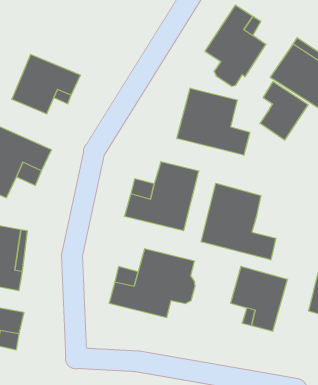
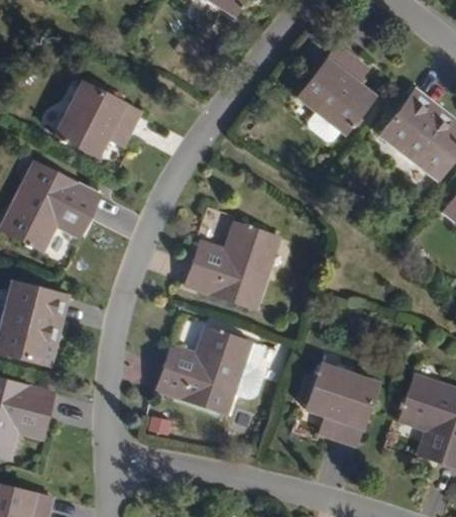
building: [260,82,308,140] -> none
building: [177,88,250,155] -> none
building: [201,183,276,260] -> none

